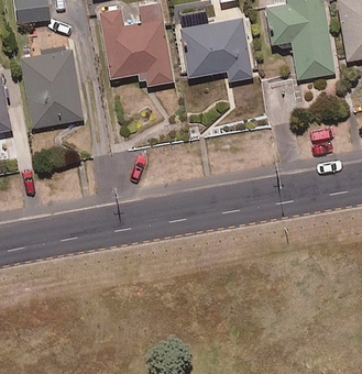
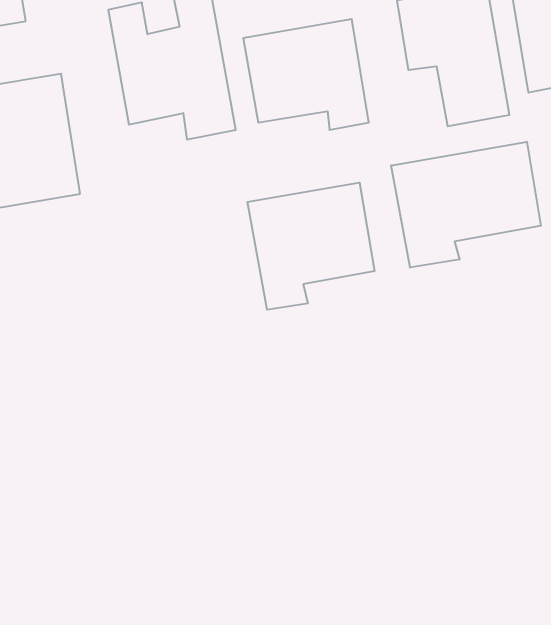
building: none -> [391,142,541,268]
building: none -> [248,183,374,310]

